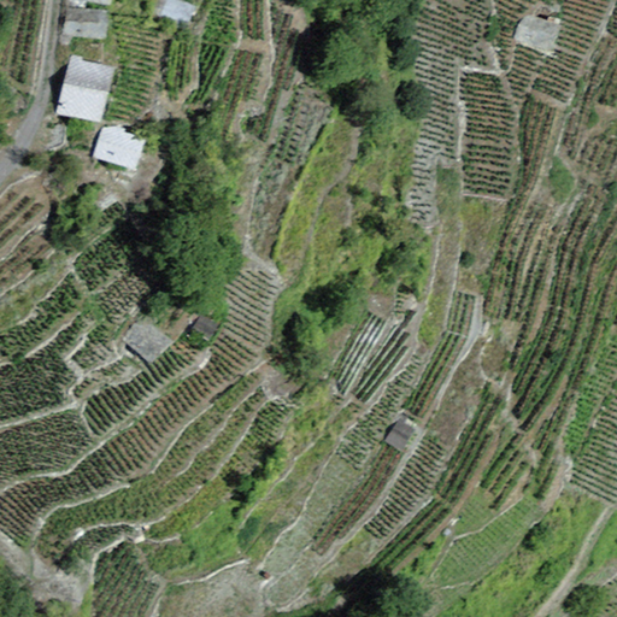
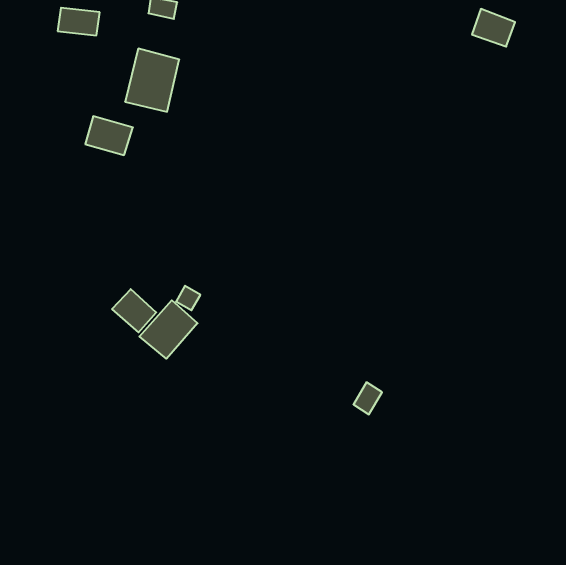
building: [55,55,114,124] -> [125,49,179,112]
building: none -> [139,300,198,359]

